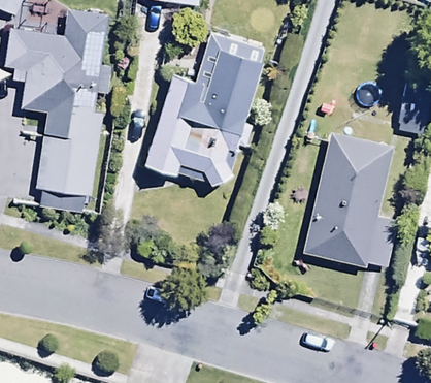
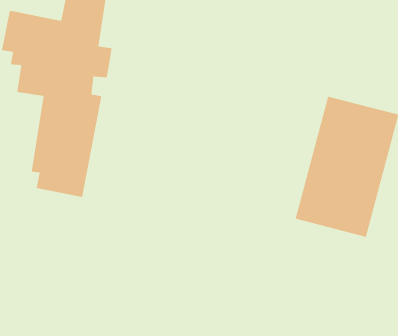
building: [144,46,263,185] -> none

